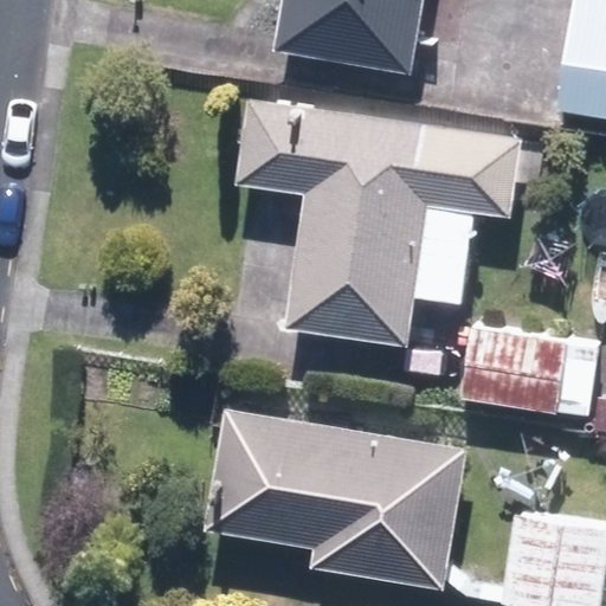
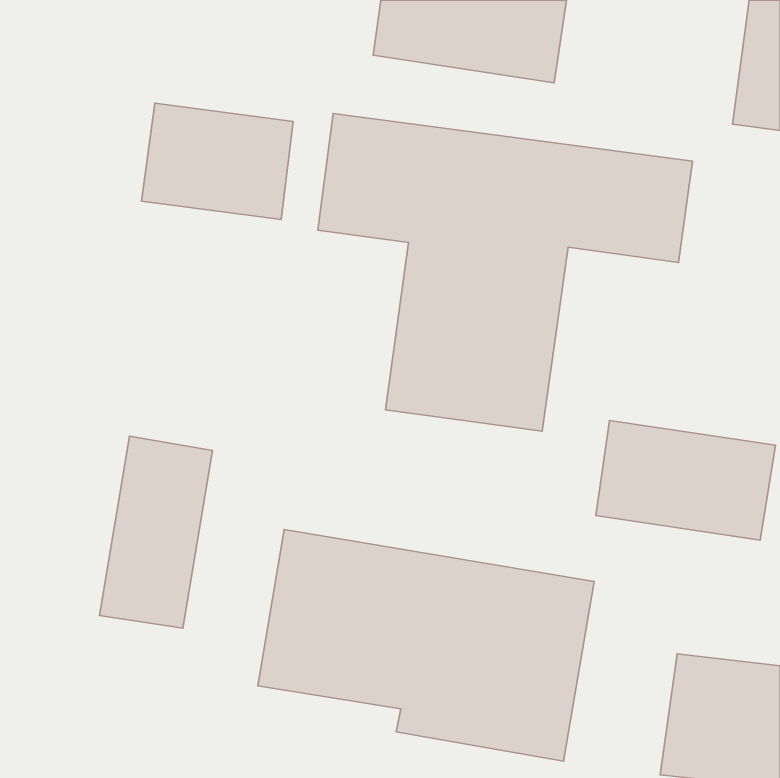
building: none -> [142,103,293,219]
building: none -> [99,436,212,628]

